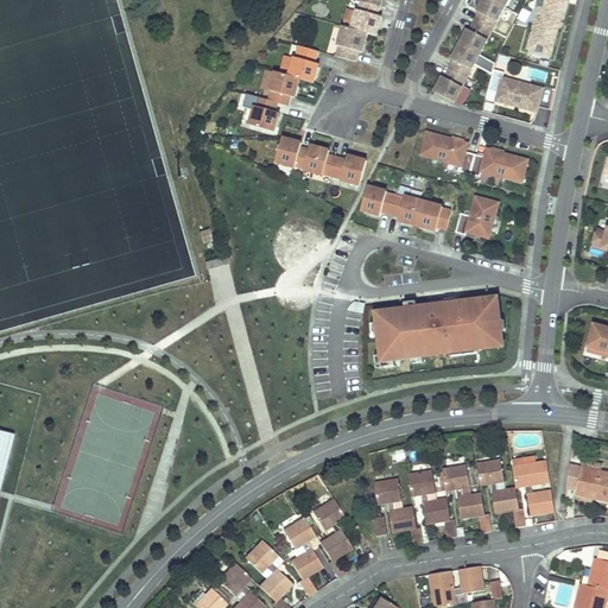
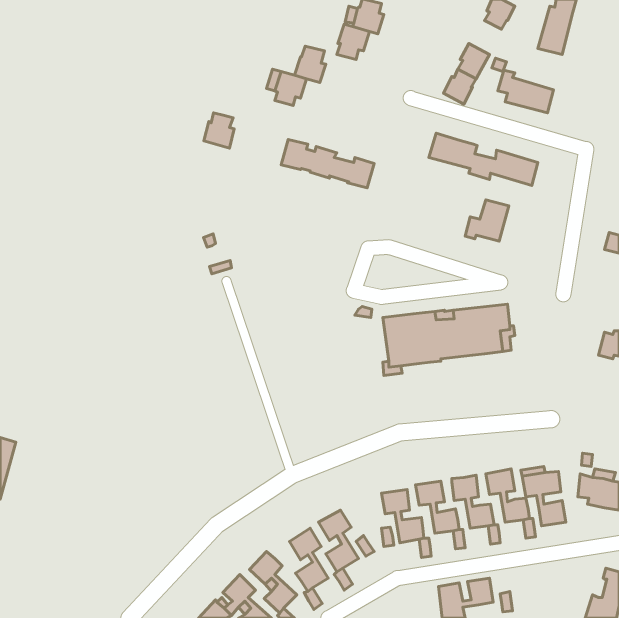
building: [460,20,492,53] -> none
building: [249,96,279,131] -> [204,113,234,148]
building: [361,185,452,230] -> none

